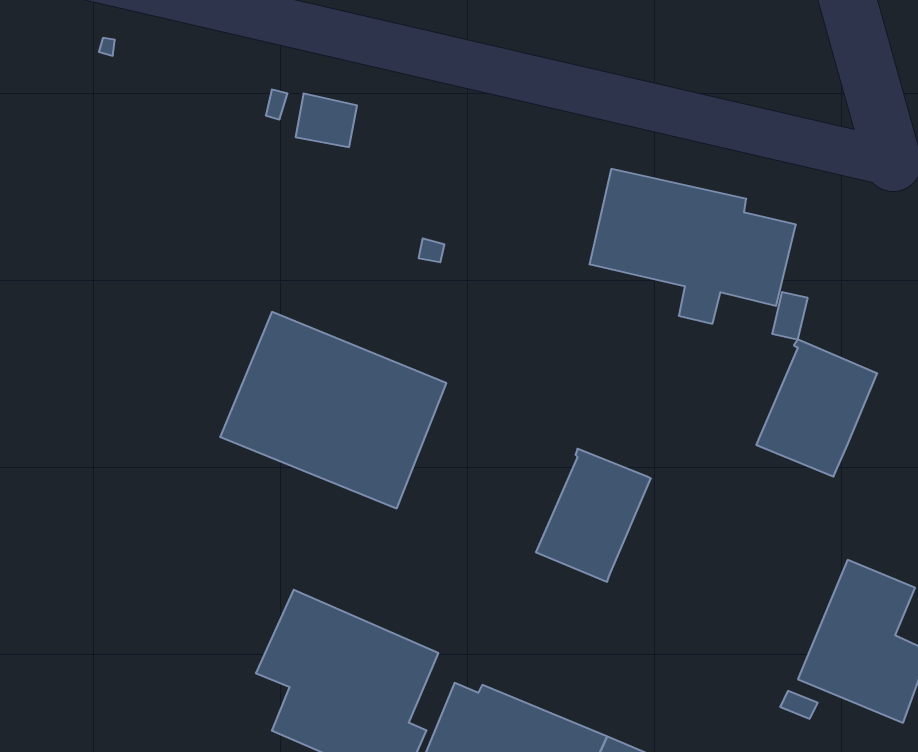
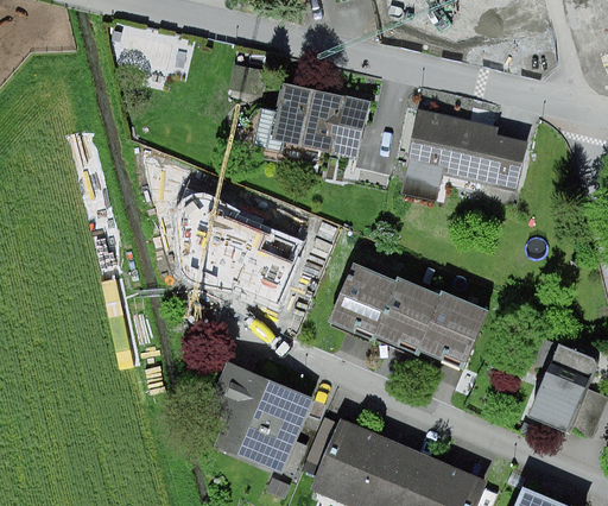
building: none -> [249,82,369,159]
building: [756,340,877,477] -> [416,290,488,372]
building: none -> [328,263,397,343]

